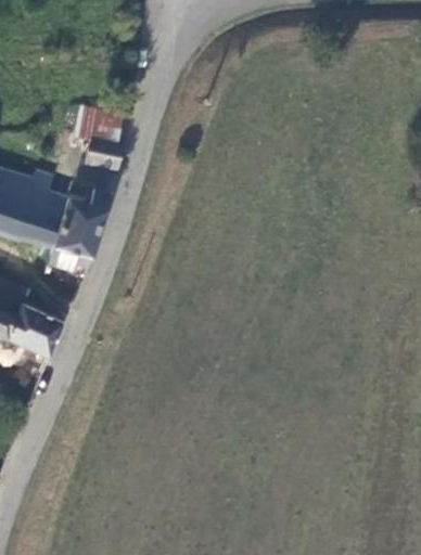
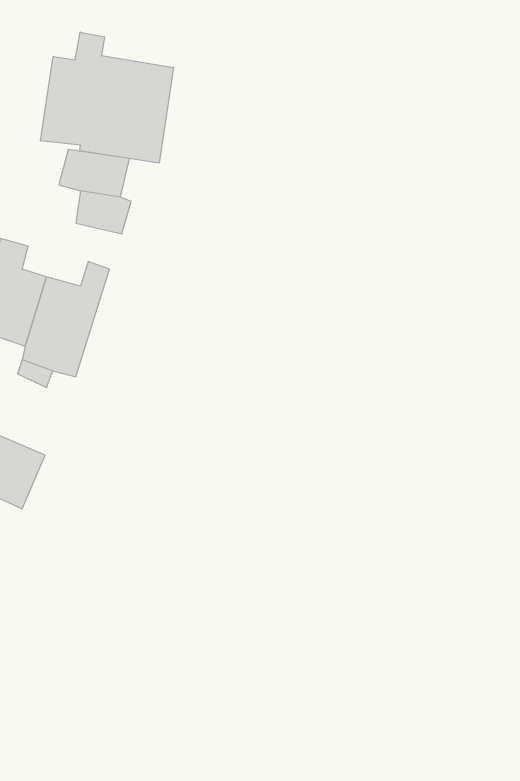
building: none -> [40,32,174,163]

